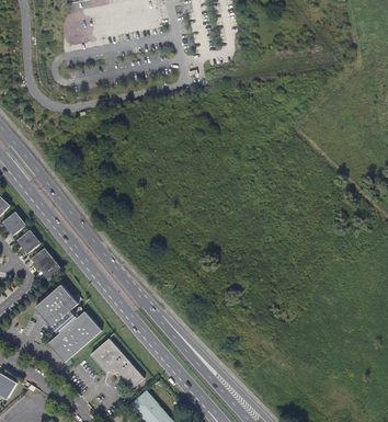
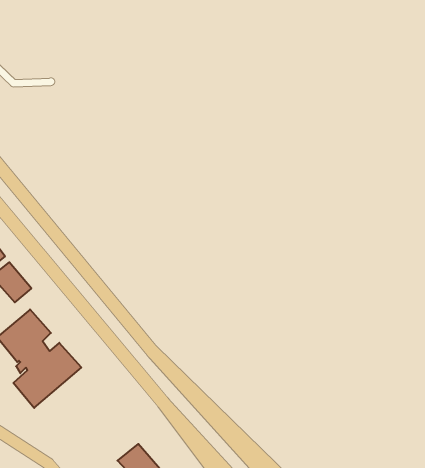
building: [90,338,144,387] -> none

